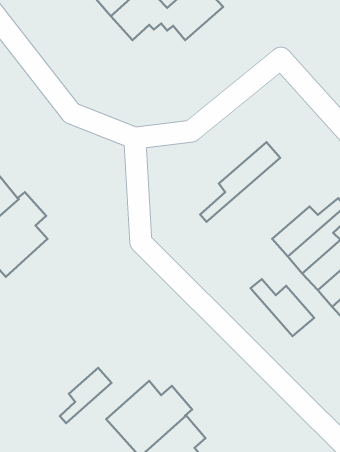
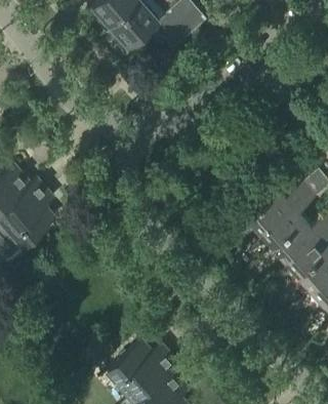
building: [200,142,280,222] -> none
building: [250,279,314,336] -> none
building: [60,368,112,423] -> none

